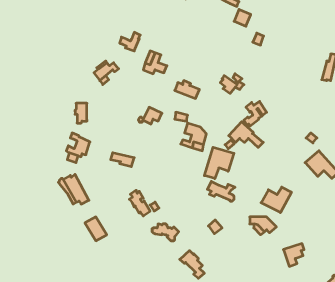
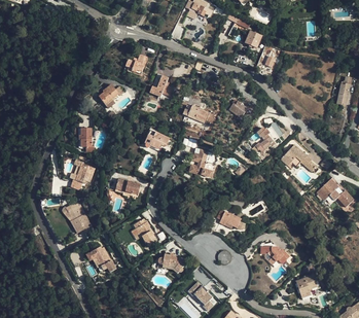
building: [229,122,263,147] -> [281,145,317,172]
building: [204,147,234,179] -> none
building: [261,187,291,213] -> none

